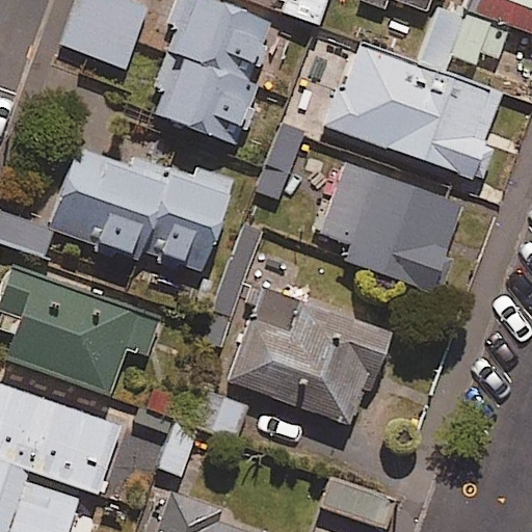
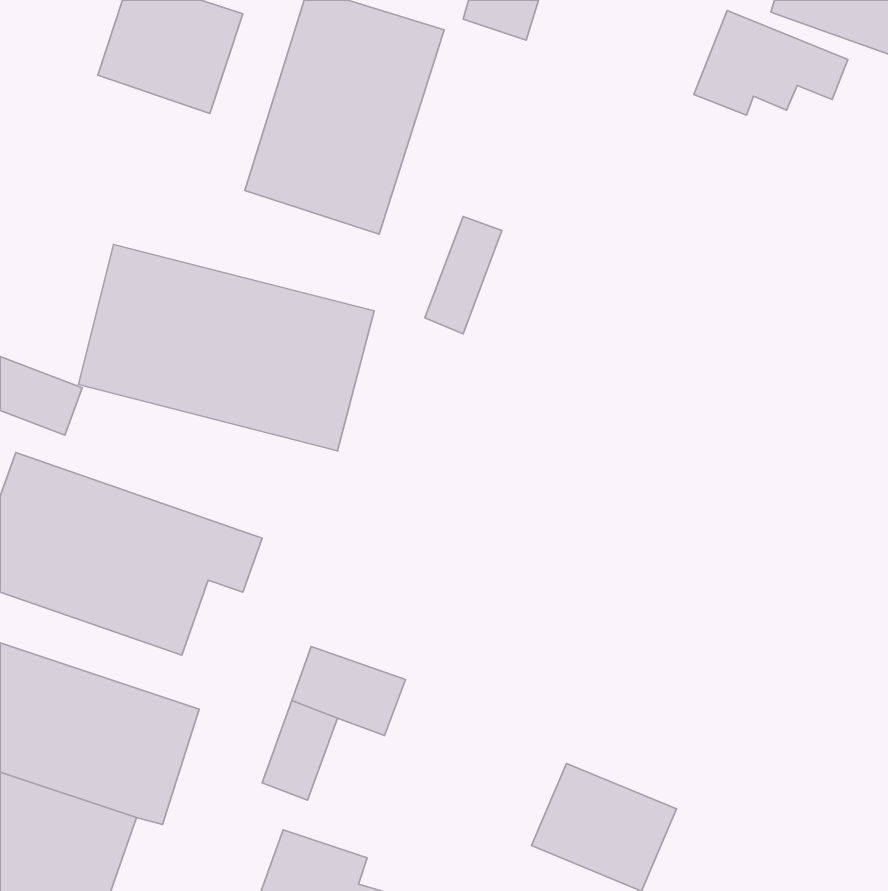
building: [331,50,499,180] -> none
building: [320,163,461,293] -> none
building: [227,287,390,426] -> none

